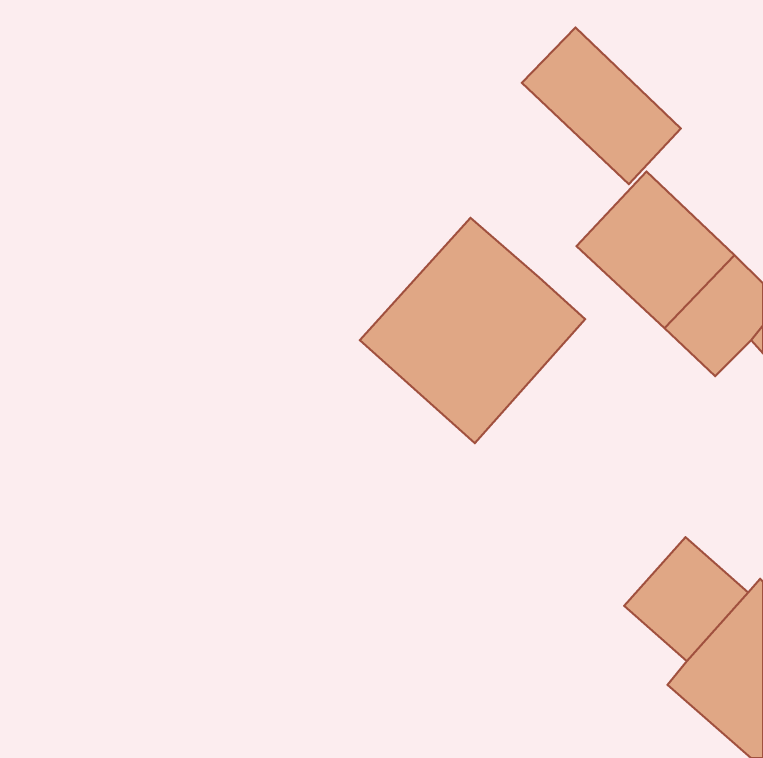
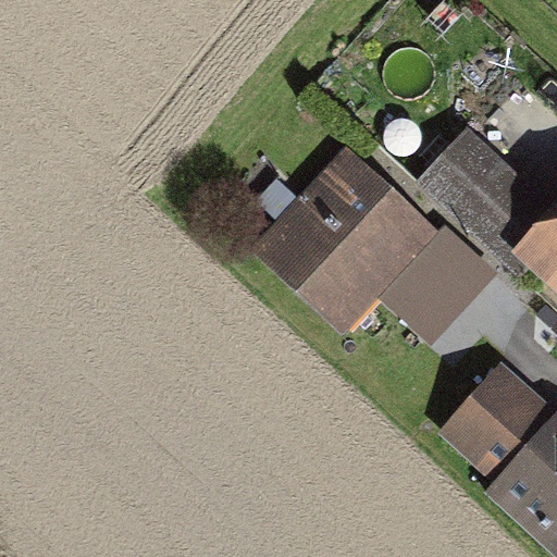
building: [522,28,681,184] -> none
building: none -> [381,224,496,339]

